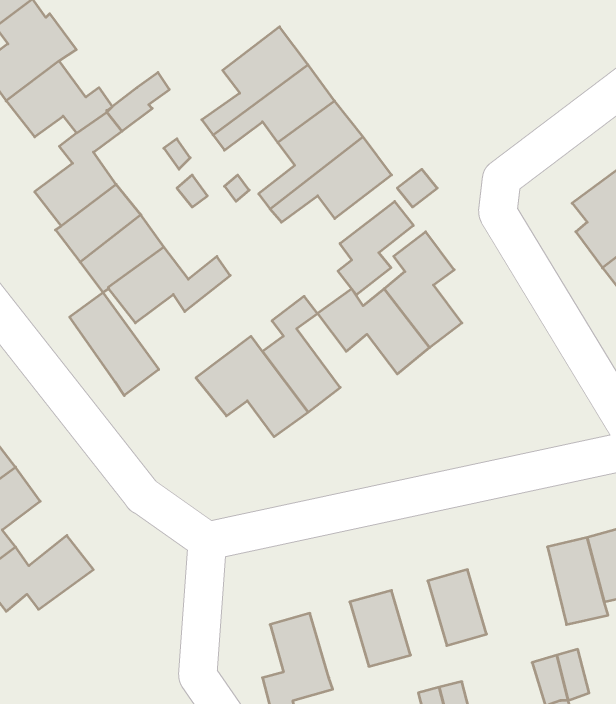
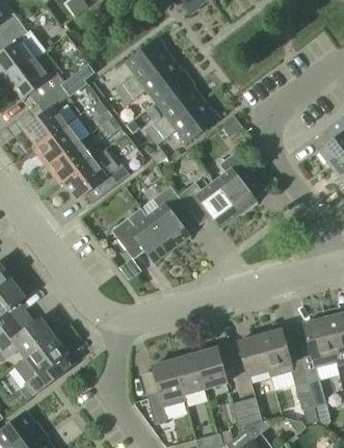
building: [338,201,413,295] -> none
building: [70,293,159,396] -> none
building: none -> [259,330,293,377]
building: none -> [15,336,74,400]
building: none -> [173,353,205,395]

